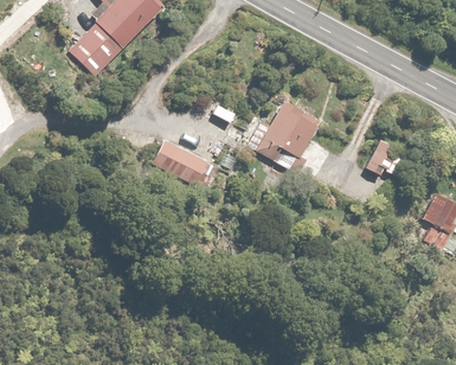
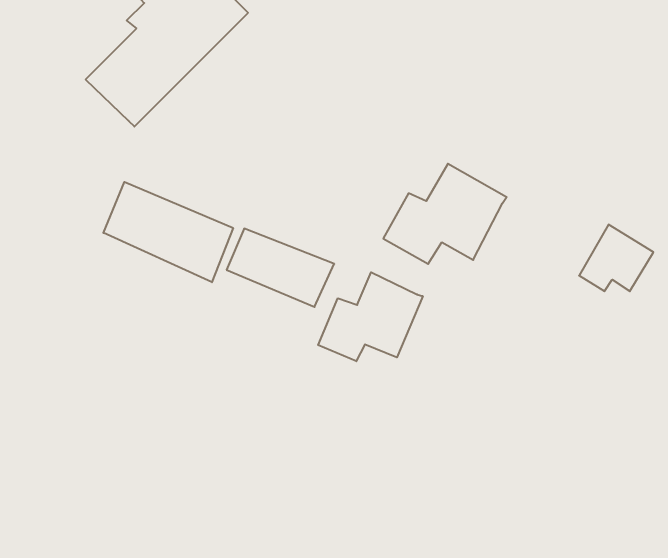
building: none -> [103,182,233,282]
building: none -> [318,272,423,361]

